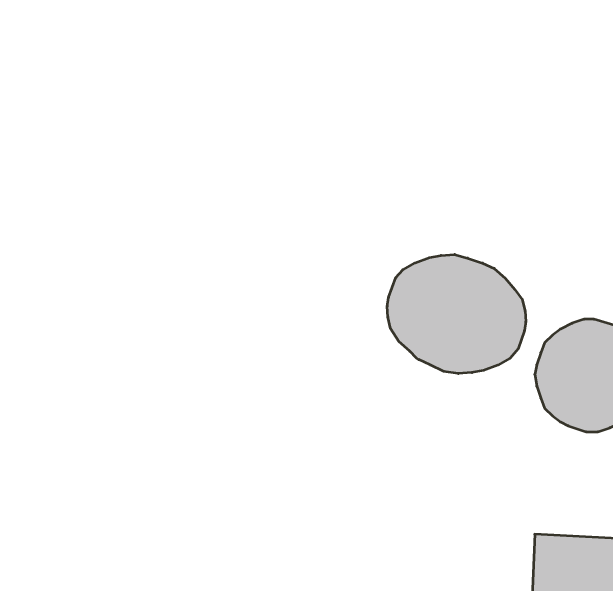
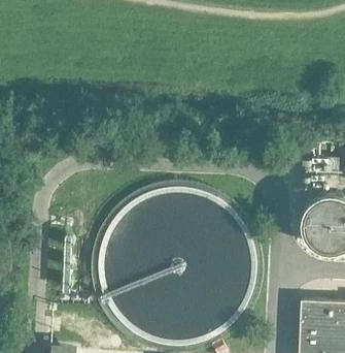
building: [387,254,526,374] -> none

